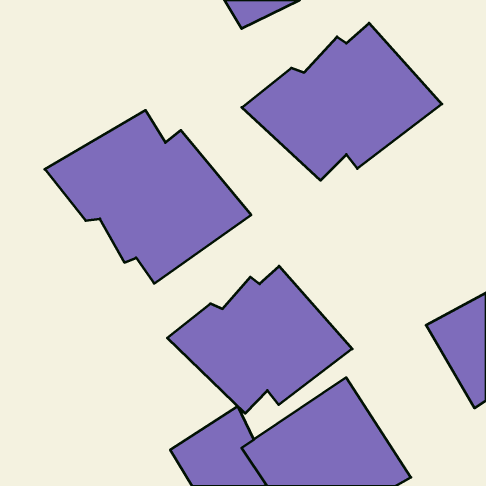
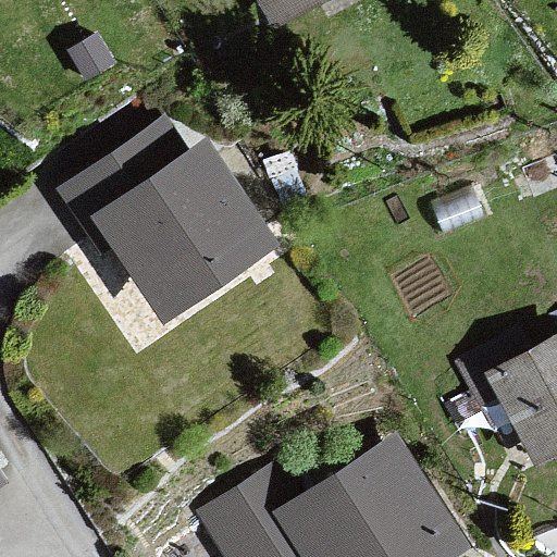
building: [242,23,442,180] -> none
building: [167,266,352,413] -> none

